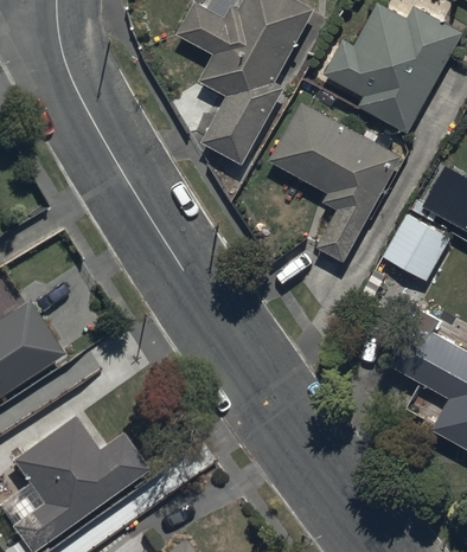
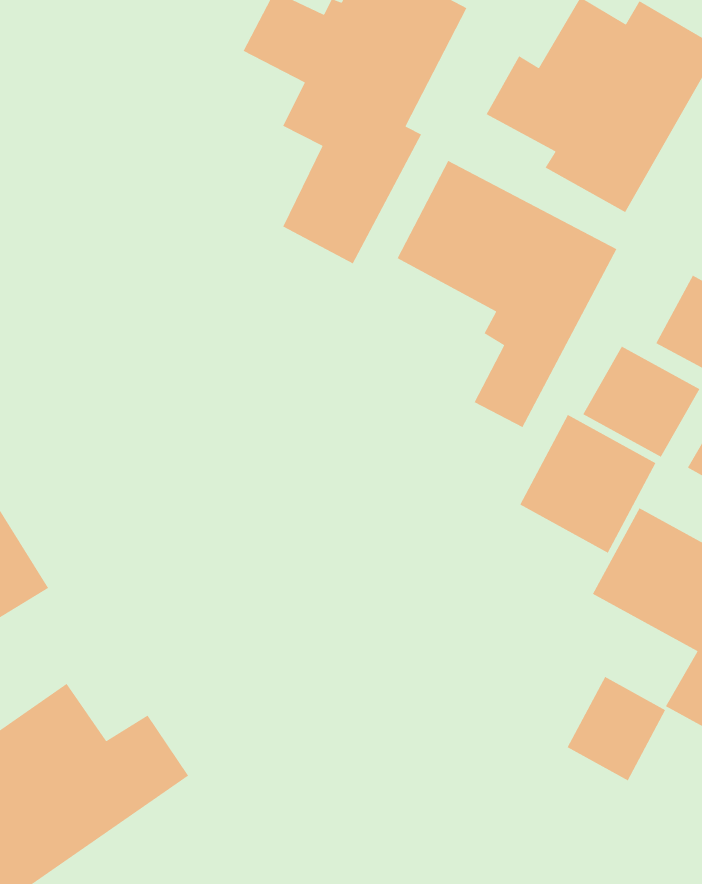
building: none -> [519,414,656,554]
building: none -> [567,676,666,781]

